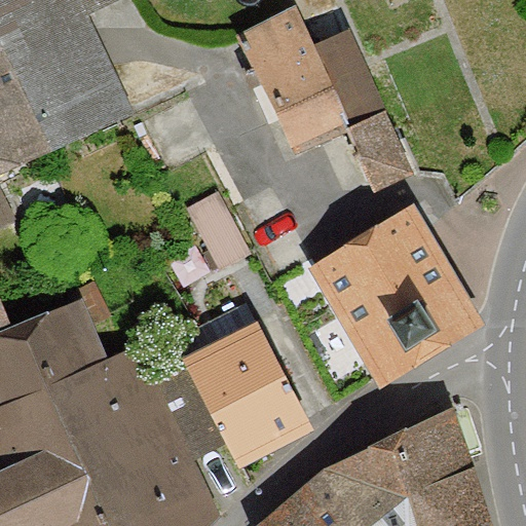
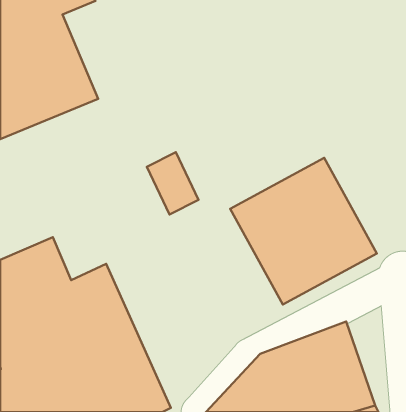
building: [234,18,411,204] -> none
building: [165,323,302,469] -> none

